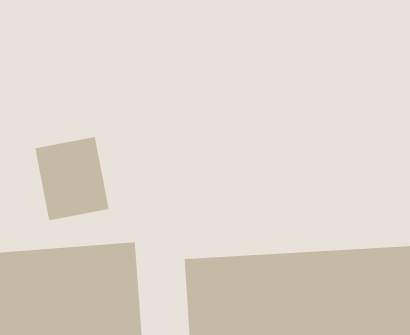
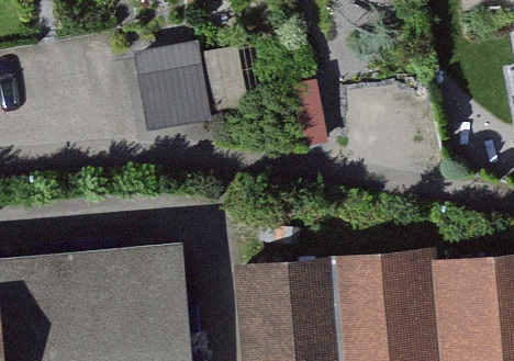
building: [35,136,109,221] -> [138,42,215,128]

